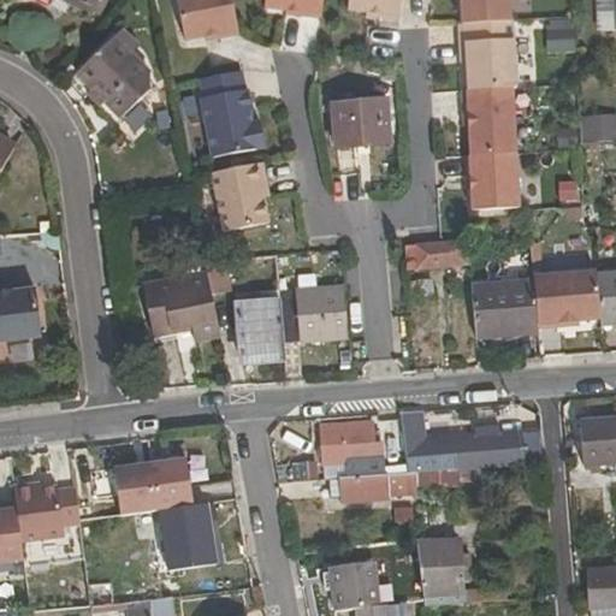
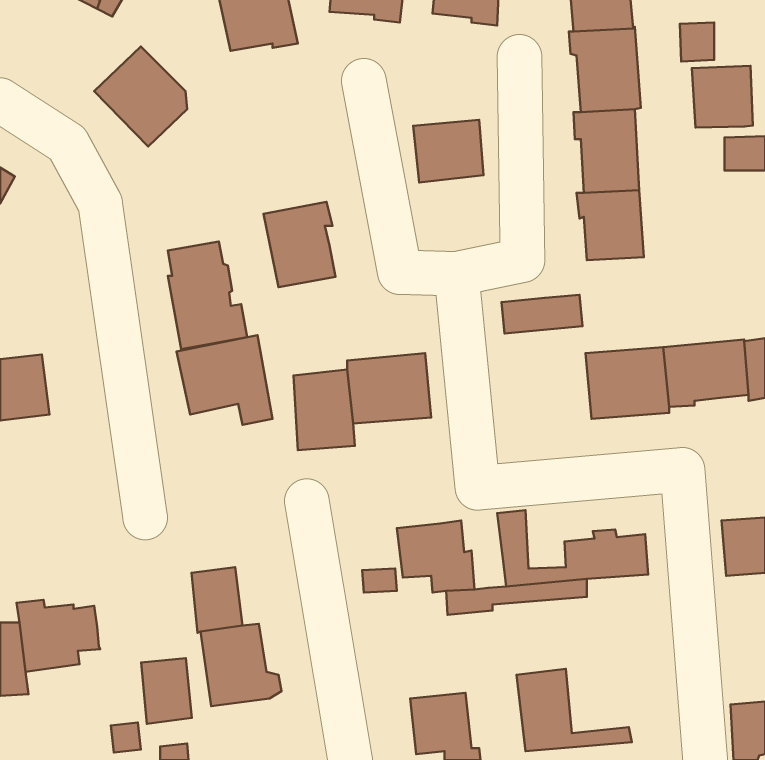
building: none -> [692,66,753,128]
building: [201,71,265,158] -> [168,241,247,349]
building: [118,461,159,514] -> [141,658,192,724]

